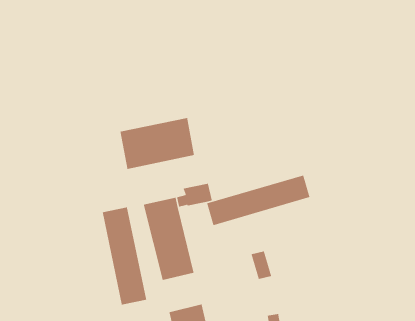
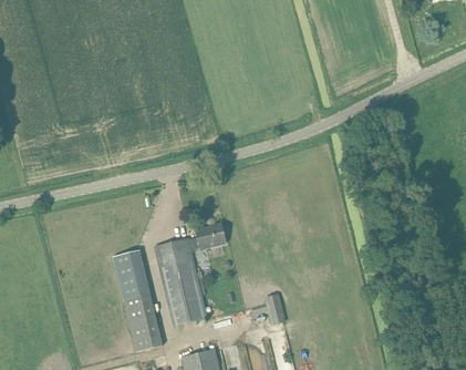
building: [120,117,195,170] -> none
building: [206,175,311,226] -> none

